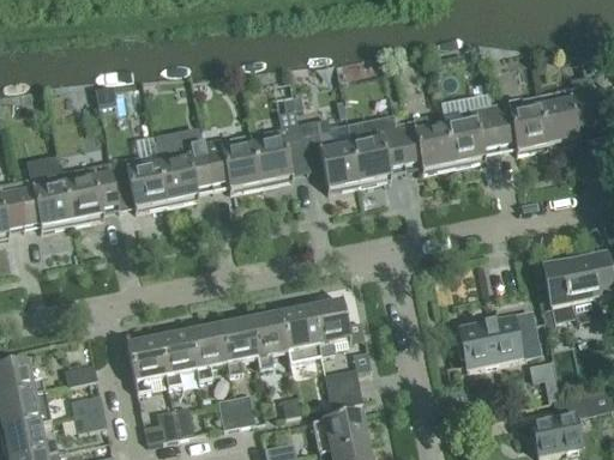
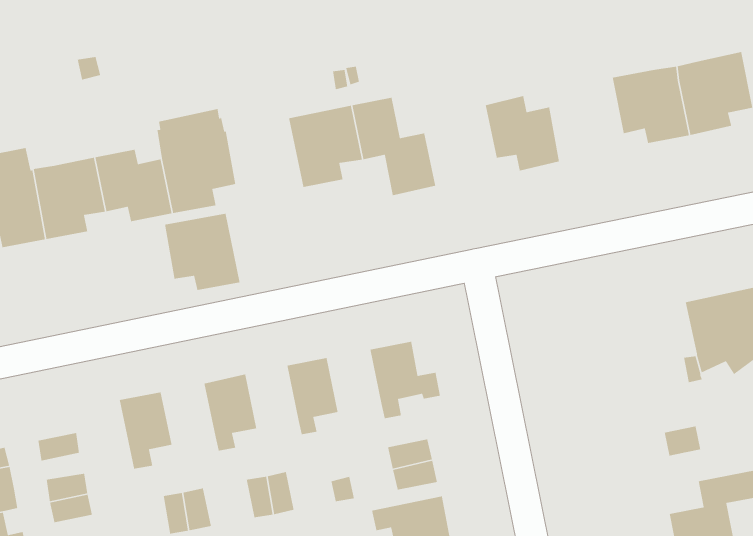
building: [444,104,498,167] -> none
building: [351,125,404,184] -> none
building: [205,134,261,192] -> [164,213,241,291]
building: [279,304,321,362] -> none
building: [459,311,538,370] -> none
building: [219,316,258,375] -> none
building: [157,329,197,387] -> none

